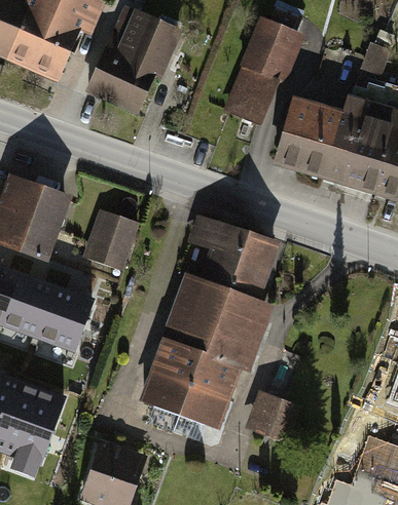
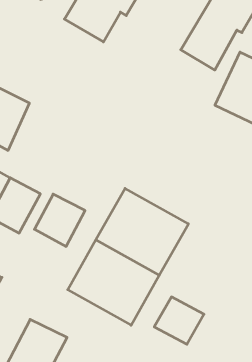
building: [84,205,139,263] -> [34,194,85,246]
building: [190,210,285,286] -> none

